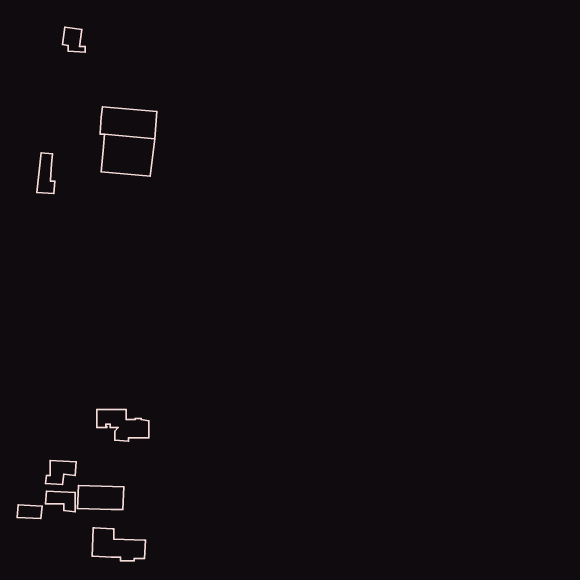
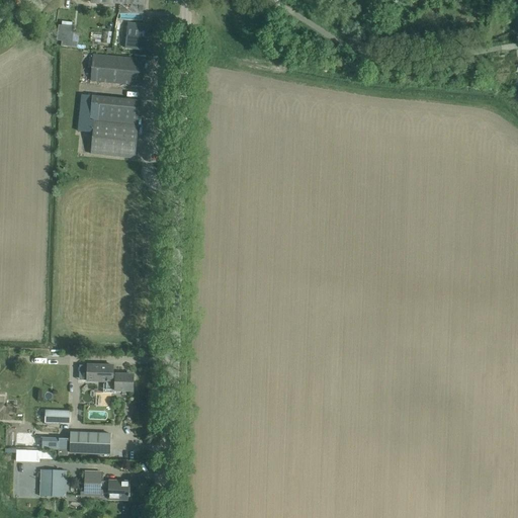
building: none -> [123,22,147,50]
building: none -> [90,54,144,84]
building: [37,153,55,194] -> [77,94,93,131]
building: none -> [39,470,65,497]

